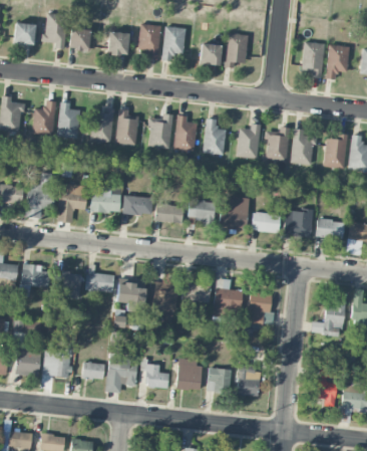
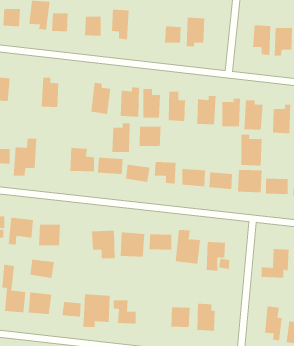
building: [163,26,185,59] -> none
building: [34,100,55,135] -> none
building: [91,107,113,142] -> [111,123,131,153]
building: none -> [139,126,161,147]
building: none -> [241,134,262,166]
building: [58,183,88,222] -> none
building: [86,271,115,293] -> [30,259,55,278]
building: [177,358,202,390] -> none

